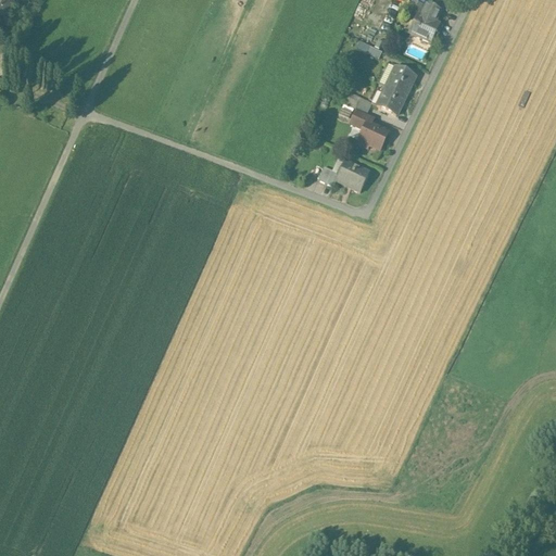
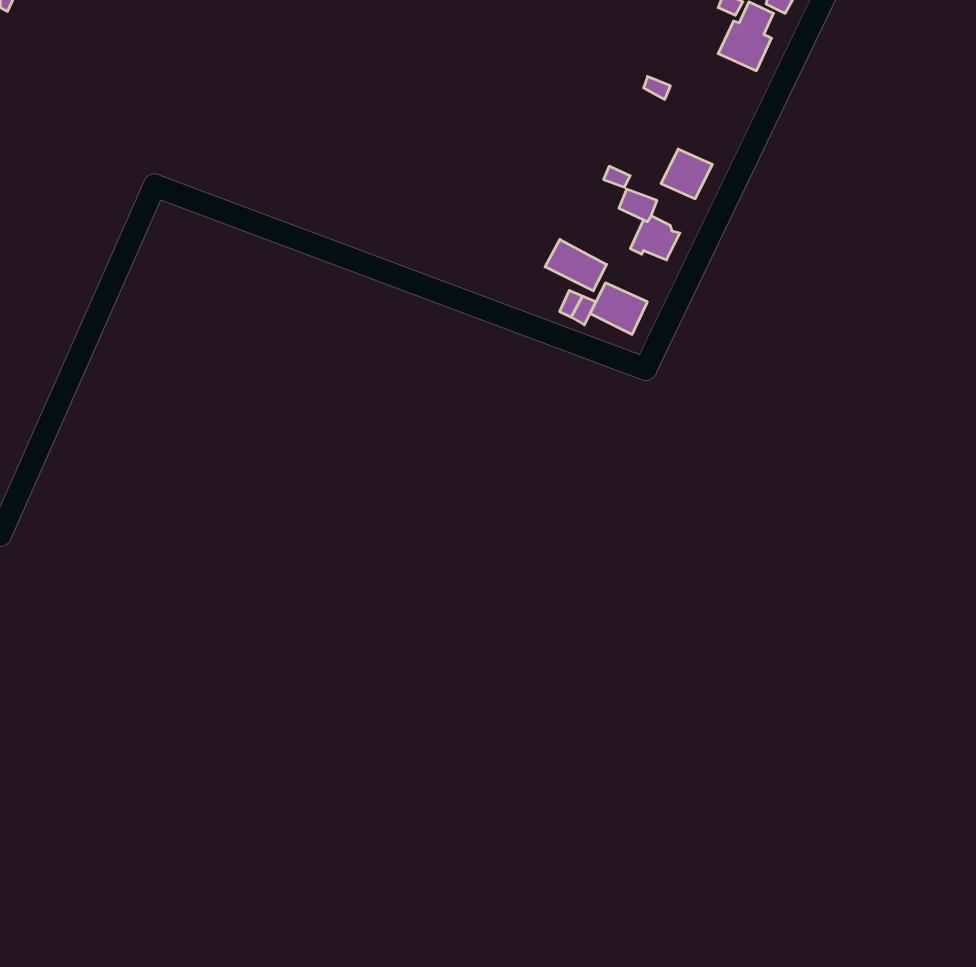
building: [386,65,415,93] -> none
building: none -> [545,239,607,291]

